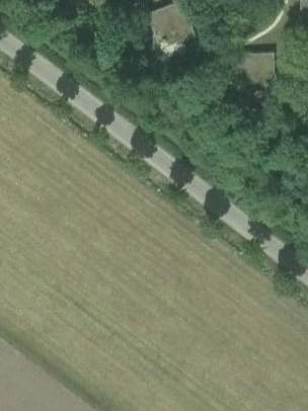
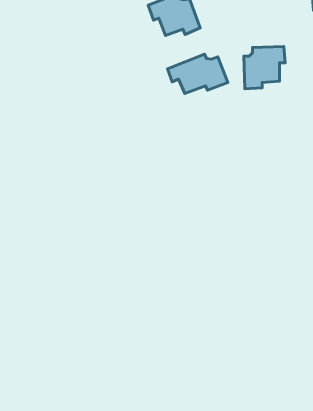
building: none -> [168,54,228,94]

